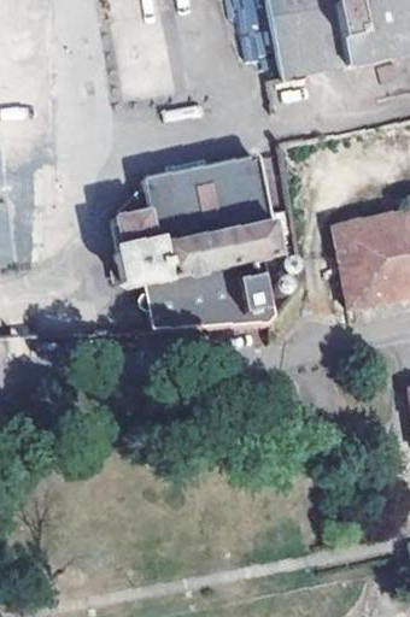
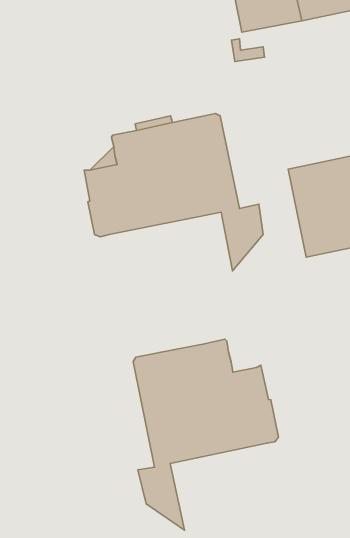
building: [139,264,270,333] -> none
building: none -> [133,339,278,530]

